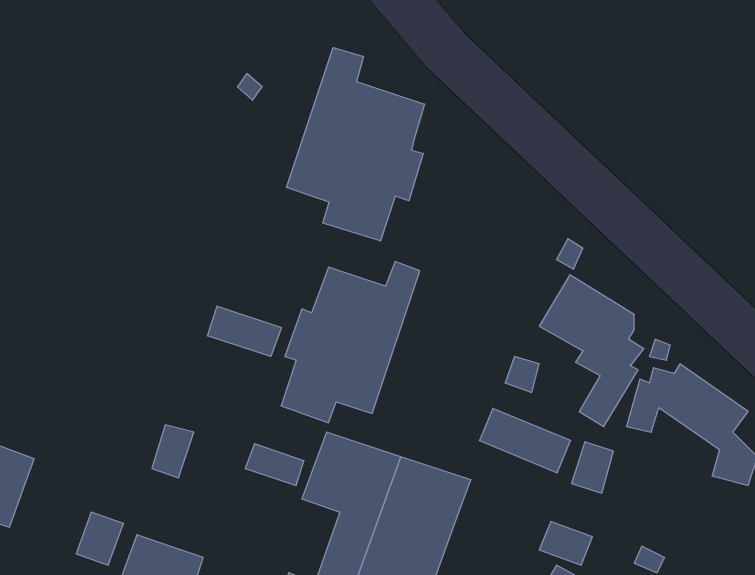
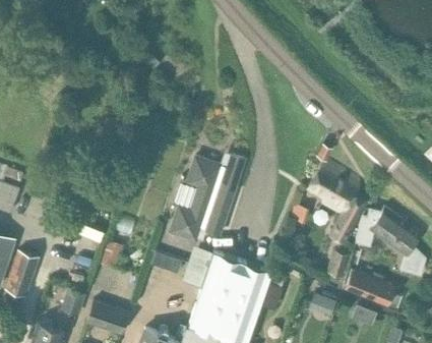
building: [287,48,425,241] -> none
building: [208,306,281,356] -> none
building: [479,408,571,473] -> [345,272,393,306]

